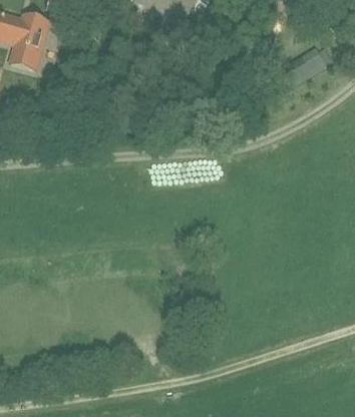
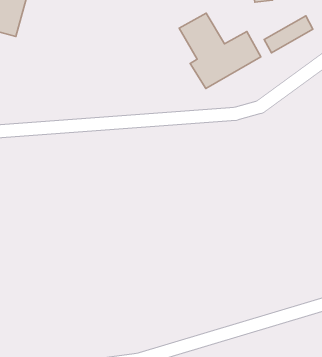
building: none -> [179,13,261,89]

